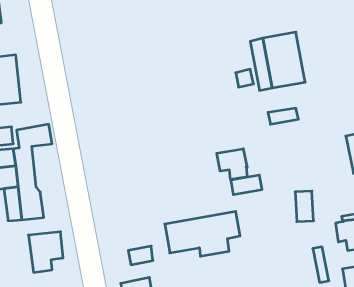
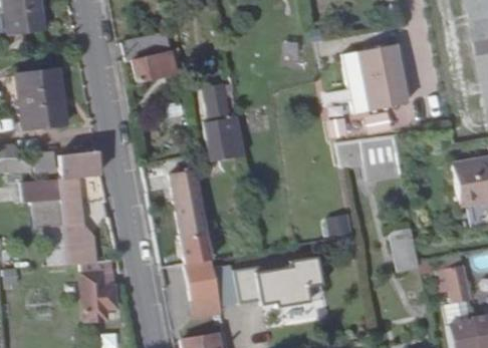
building: none -> [126,37,175,87]
building: none -> [204,84,246,160]
building: none -> [172,167,210,240]
building: [217,149,247,180] -> none
building: none -> [187,260,221,301]

